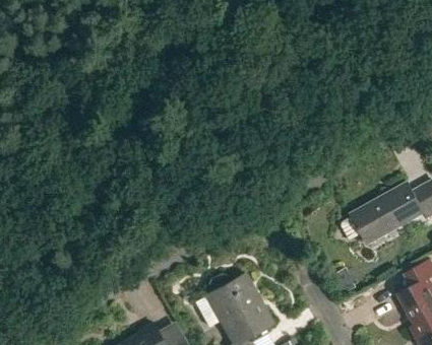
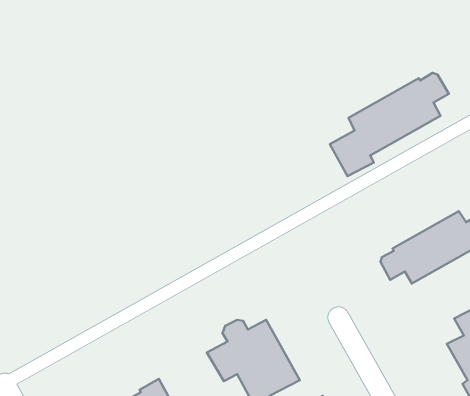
building: none -> [330,73,449,176]

